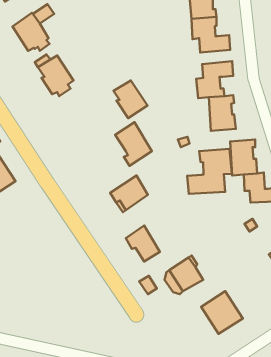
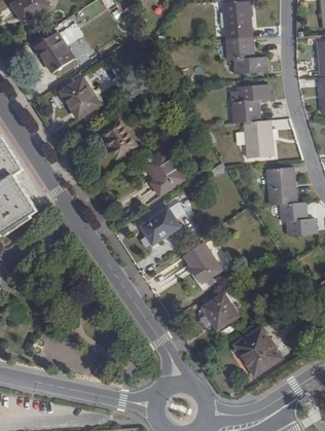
building: [114,80,147,118] -> [100,117,136,157]
building: [187,149,232,194] -> none
building: [126,226,160,261] -> [184,242,220,280]

